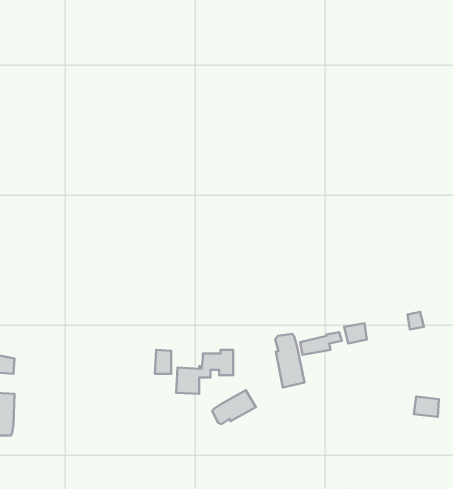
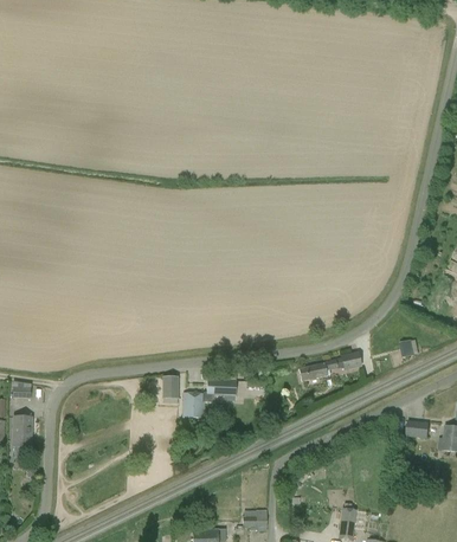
building: [275,334,304,387] -> none
building: [212,390,256,424] -> none

